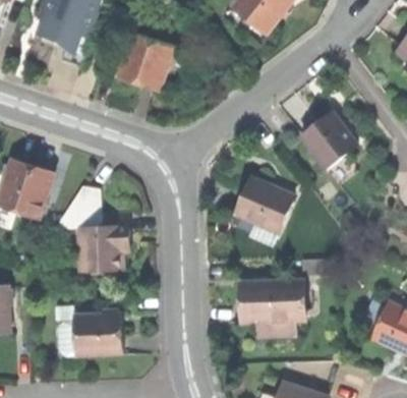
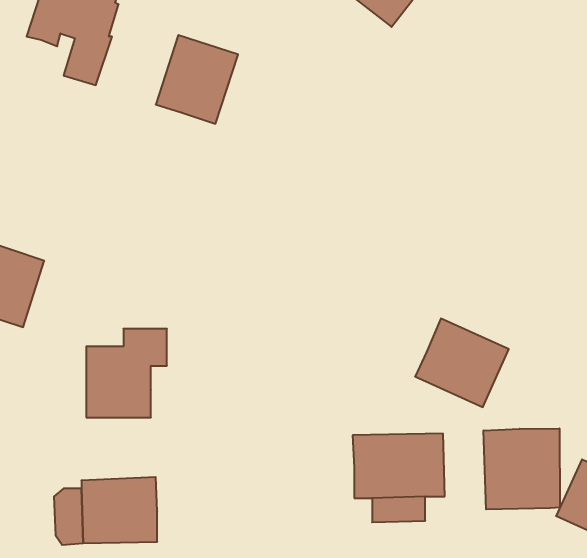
building: [300,114,358,173] -> none
building: [235,175,294,231] -> [415,318,509,407]
building: [53,190,101,230] -> none
building: none -> [484,428,560,509]

